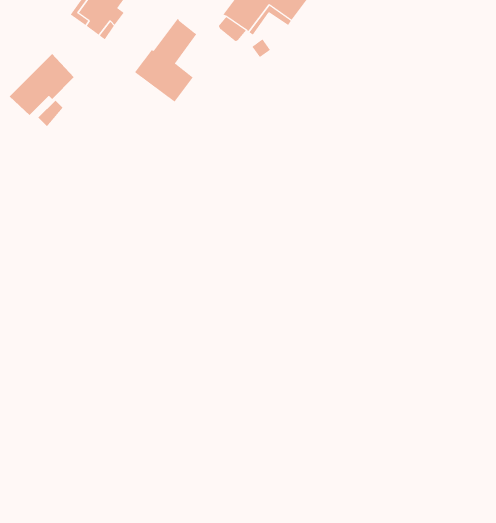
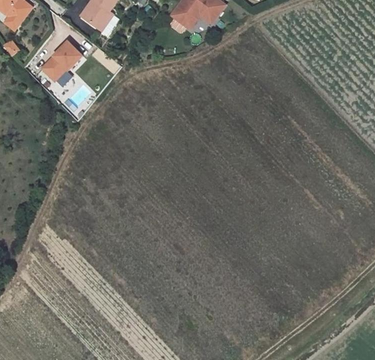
building: [134,18,197,102] -> none

